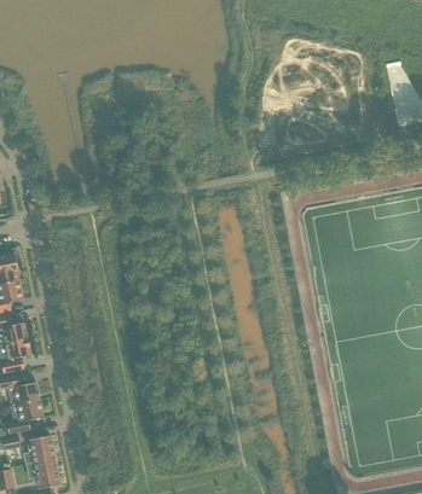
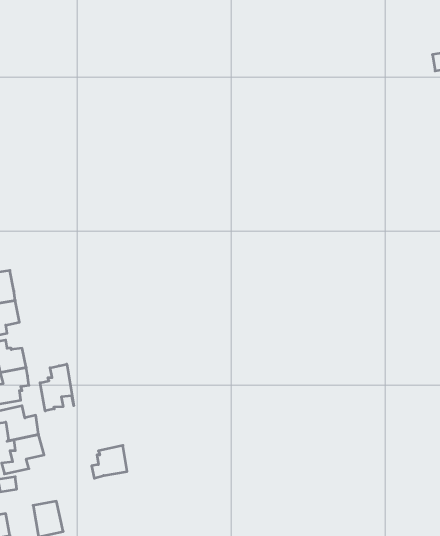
building: none -> [40,364,74,411]
building: [22,435,53,464] -> [92,445,127,478]

